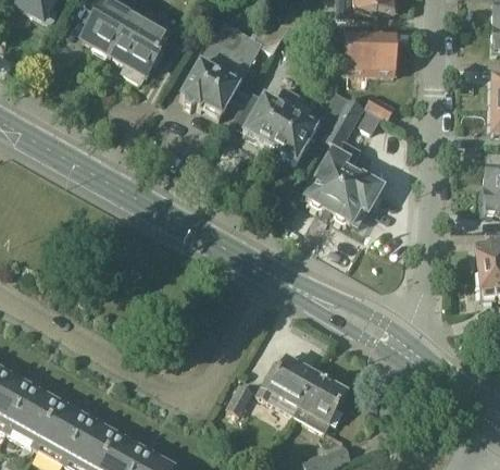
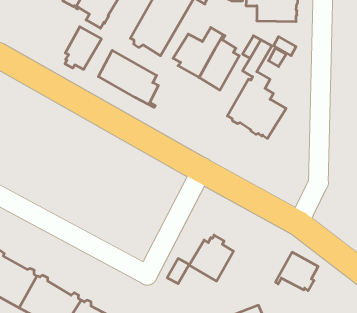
building: none -> [65,27,101,69]
building: none -> [98,50,158,107]
building: [291,372,347,422] -> [276,252,318,291]

